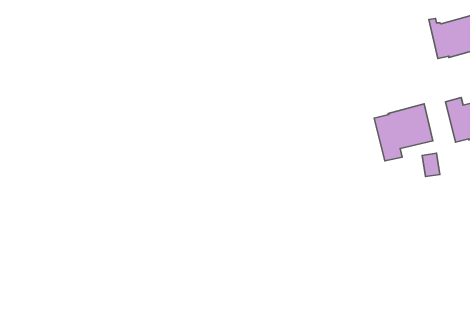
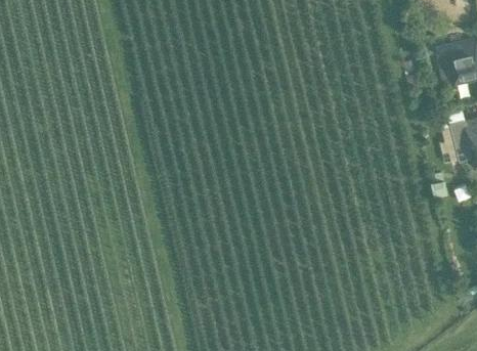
building: [374,104,433,161] -> none

